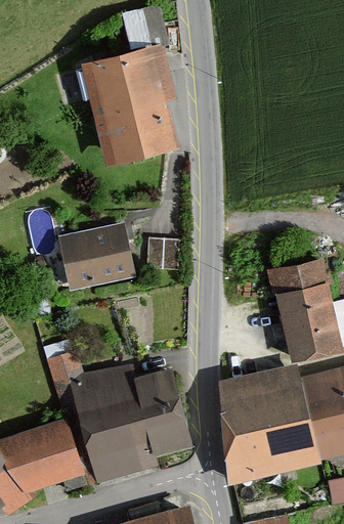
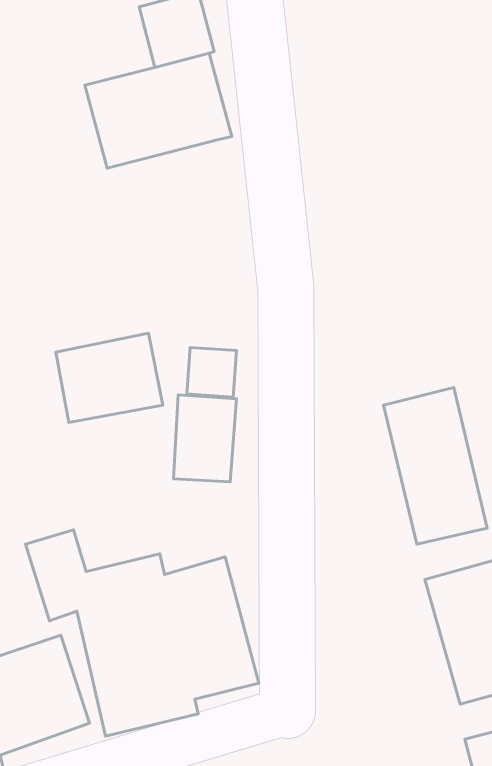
building: [95,100,179,167] -> none
building: none -> [174,395,236,482]
building: [217,365,321,488] -> none

